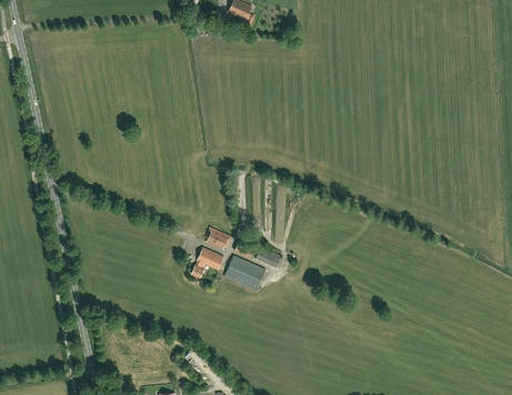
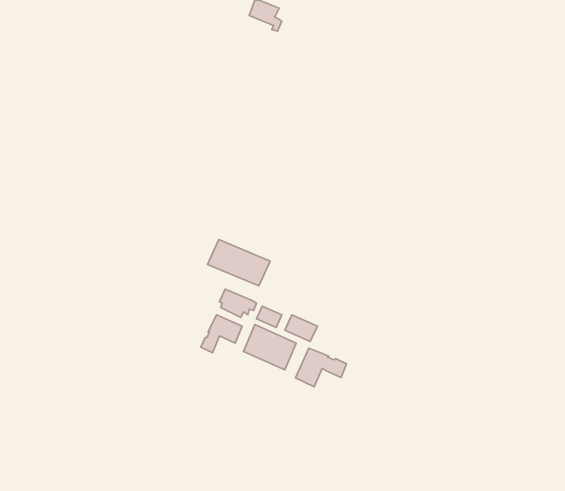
building: none -> [208,240,270,286]
building: none -> [296,348,346,387]

